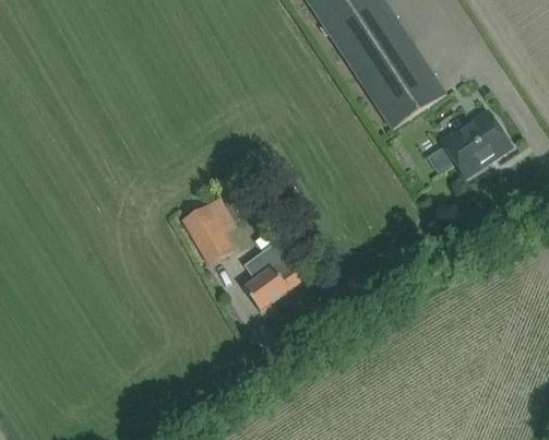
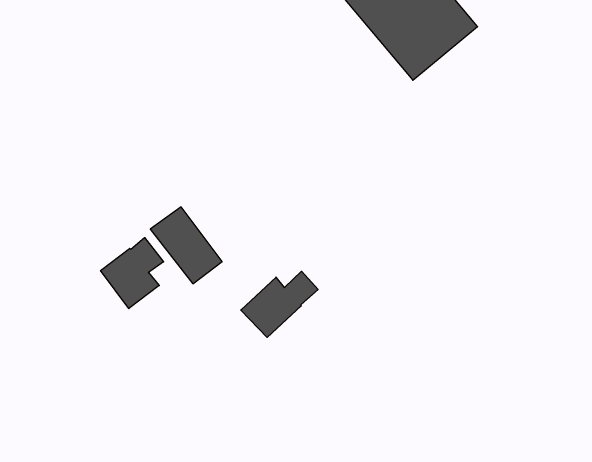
building: [439,103,509,169] -> none
building: none -> [101,238,164,309]

